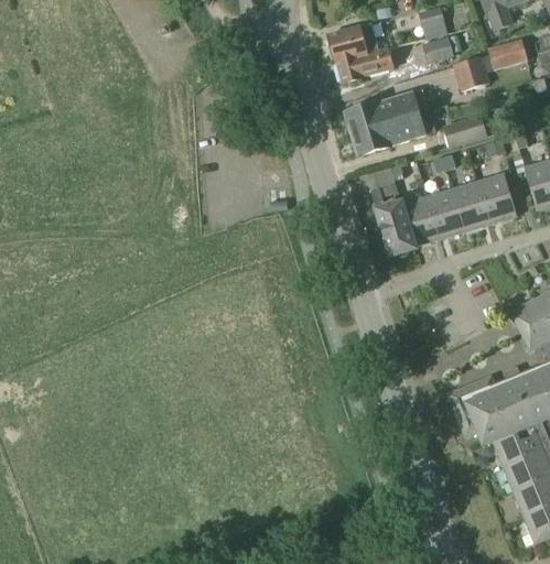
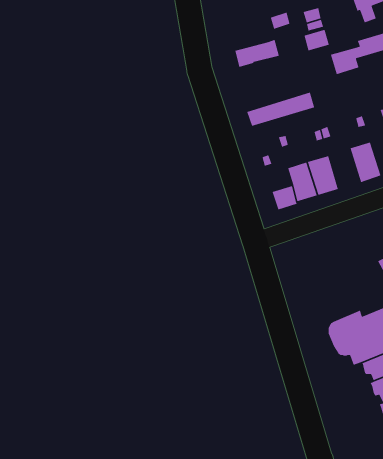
building: [327,23,378,63] -> none
building: [345,89,430,135] -> none
building: [442,112,487,149] -> none
building: [452,180,490,230] -> none
building: [376,202,408,232] -> none

